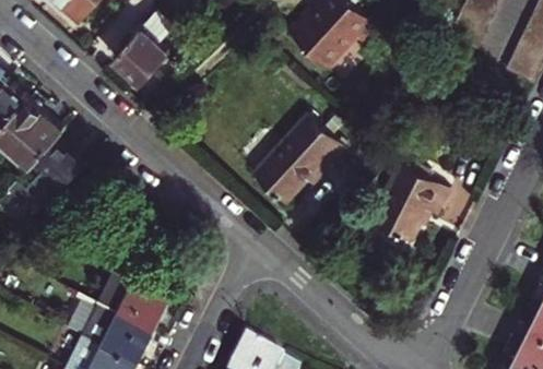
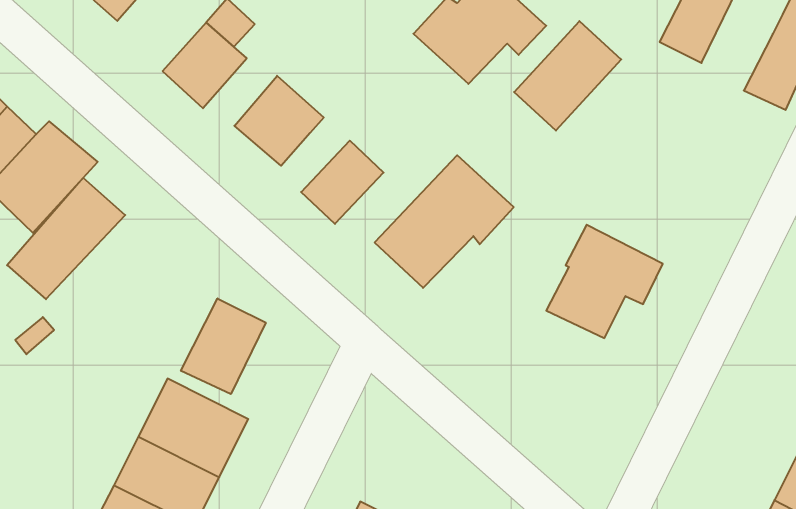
building: none -> [514,21,621,131]
building: none -> [234,76,324,166]
building: none -> [301,141,384,224]
building: none -> [181,298,266,394]

